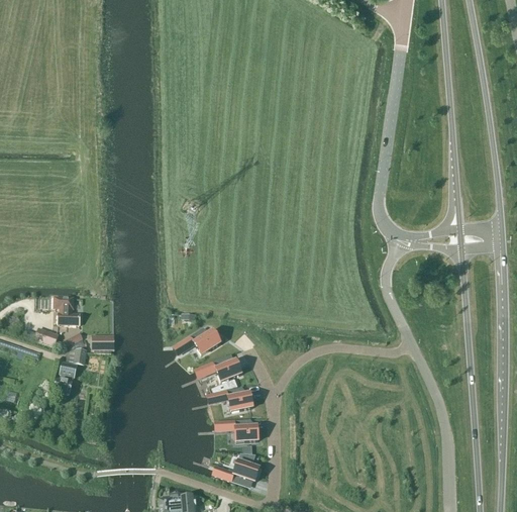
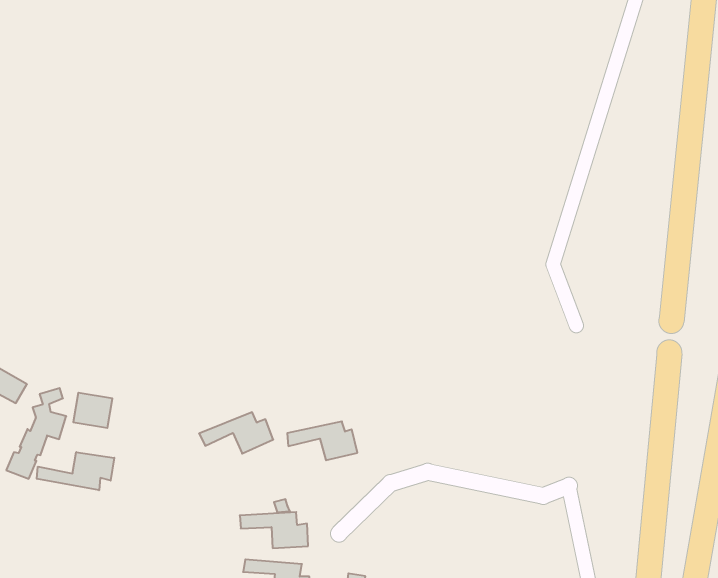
building: [54,296,80,324] -> none
building: [195,355,241,382] -> [287,421,357,460]
building: none -> [37,452,114,490]

